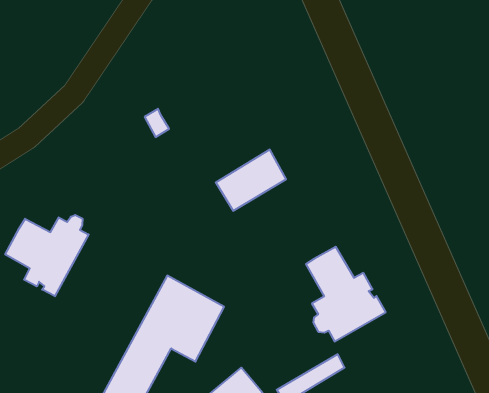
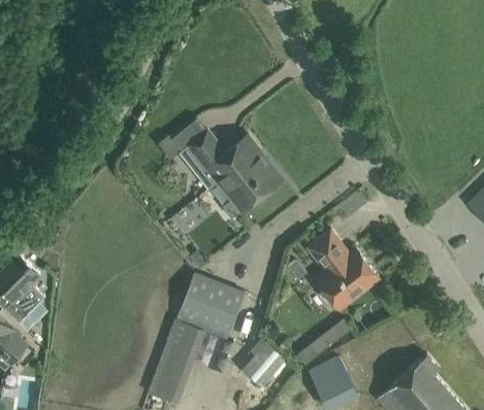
building: none -> [180,130,265,190]
building: [5,215,89,296] -> none

